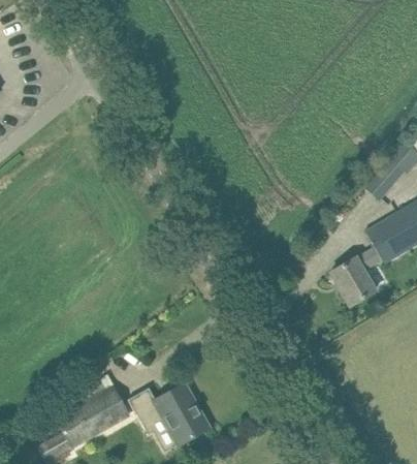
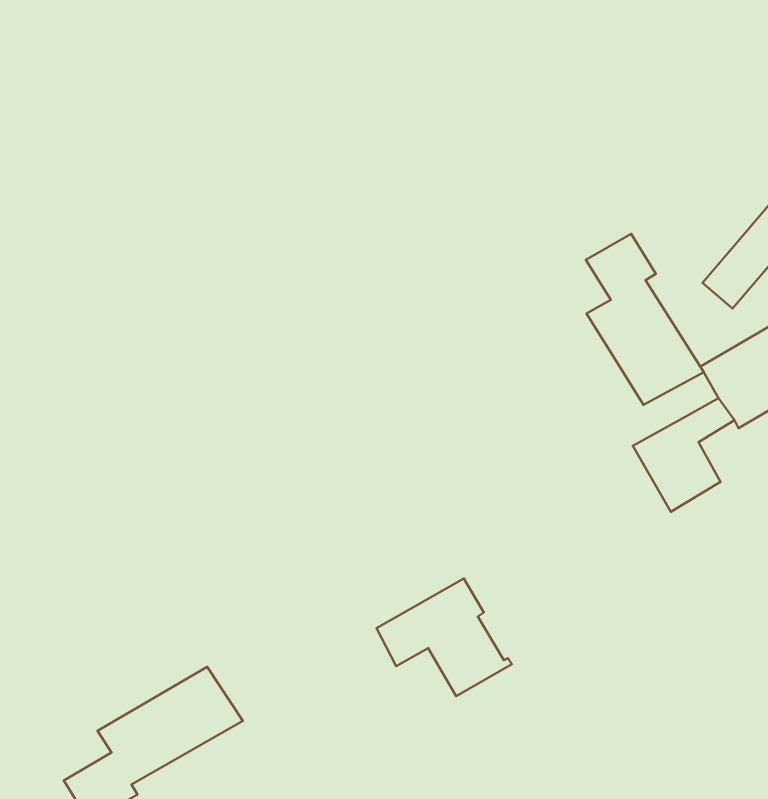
building: none -> [586,234,704,405]
building: [137,383,207,444] -> [376,579,512,696]

